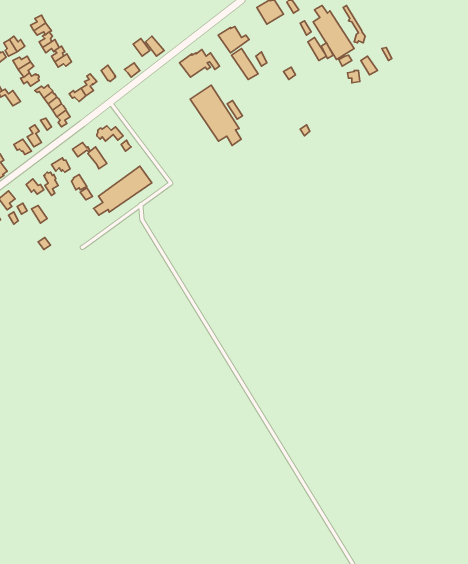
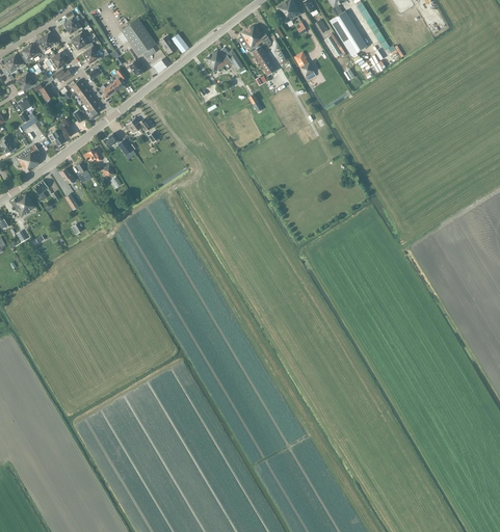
building: none -> [121,18,156,58]
building: [190,85,241,146] -> none
building: [94,166,152,215] -> none

